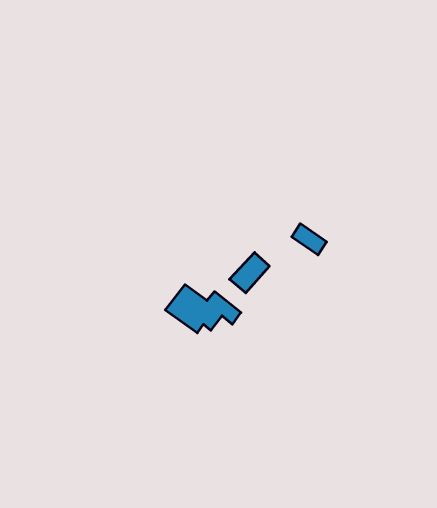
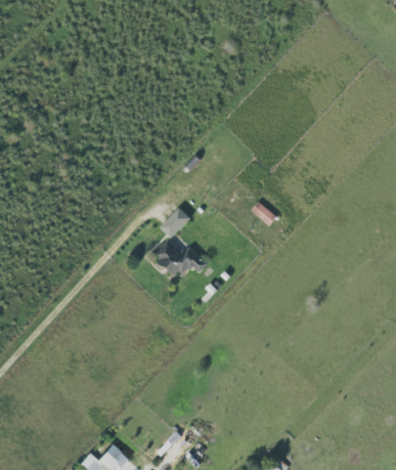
building: [229,252,269,293] -> [161,207,191,237]

